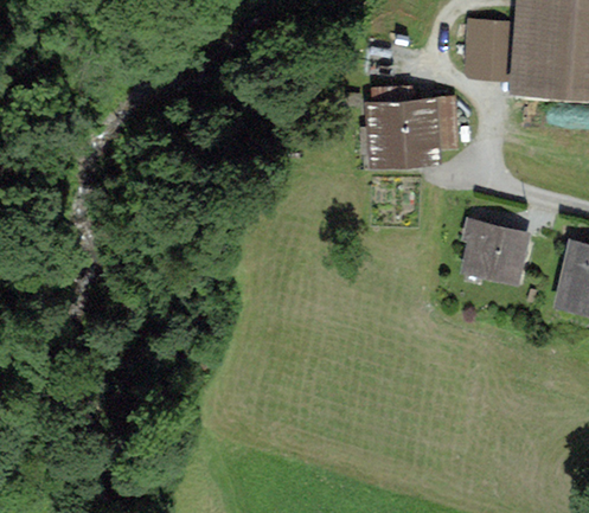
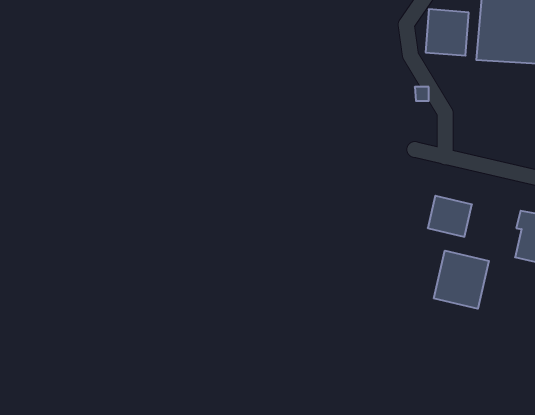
building: [369,89,454,159] -> none
building: none -> [434,251,489,309]

